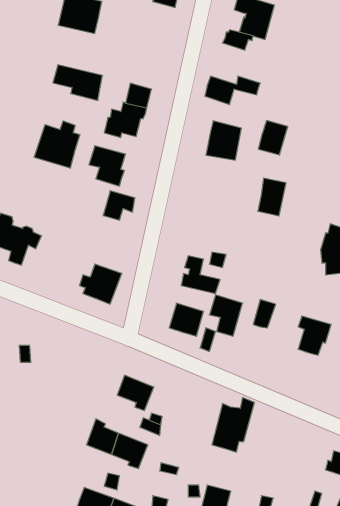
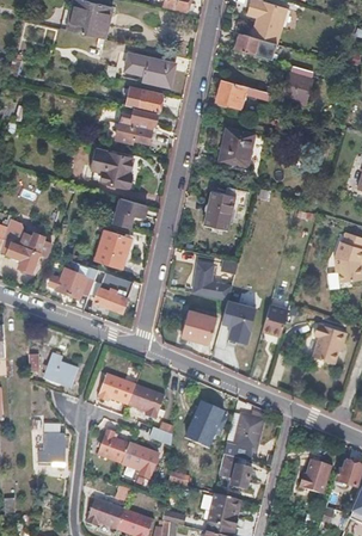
building: [53,65,103,100] -> [124,51,174,87]
building: [258,121,288,155] -> [283,66,313,100]
building: [34,121,80,168] -> none
building: [258,178,286,216] -> [204,191,233,229]
building: none -> [96,229,133,270]
building: none -> [49,263,98,298]
building: none -> [48,352,78,387]
building: none -> [97,372,135,403]
building: none -> [192,402,223,432]
building: none -> [38,424,66,461]
building: none -> [220,454,252,489]
building: none -> [293,456,326,491]

